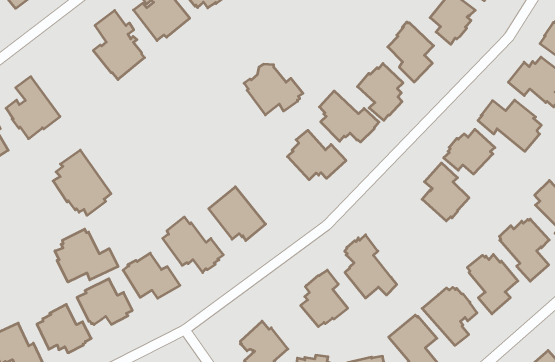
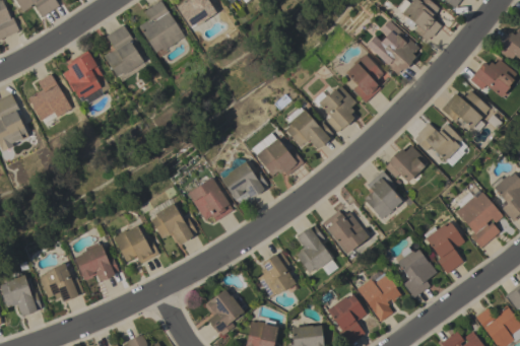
building: [244,64,303,115] -> [219,158,267,200]
building: [53,150,111,215] -> [63,50,110,103]
building: none -> [323,210,369,254]
building: [55,229,118,282] -> none

